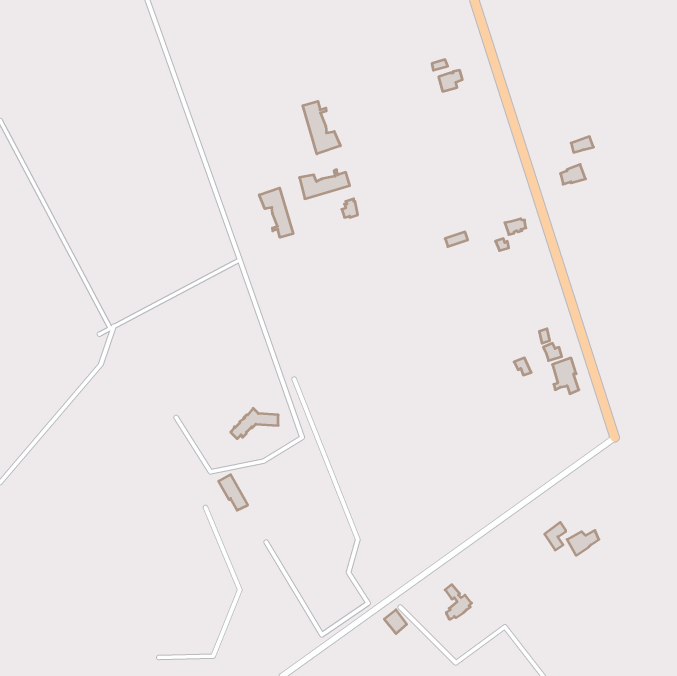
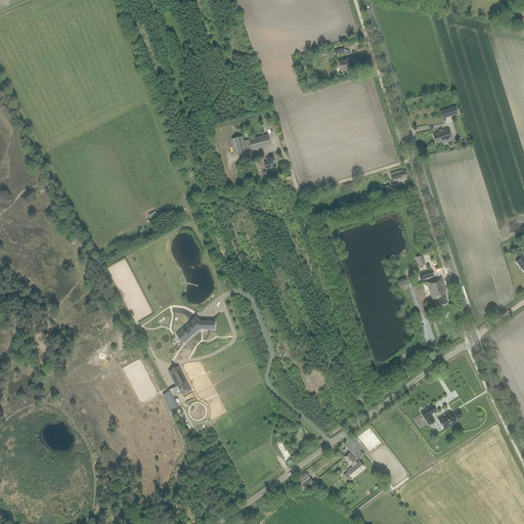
building: [303,101,340,154] -> none
building: [259,188,293,237] -> none

